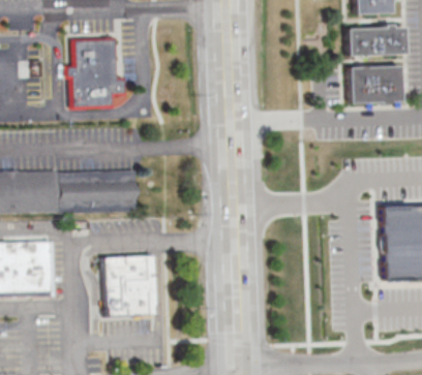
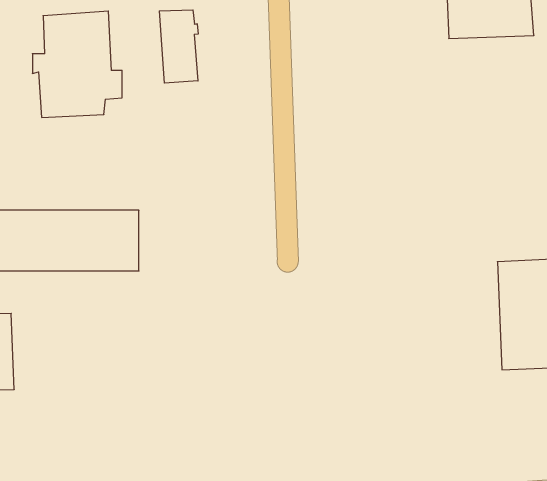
building: none -> [159,10,198,83]
building: [350,65,401,103] -> none
building: [103,257,155,315] -> none

